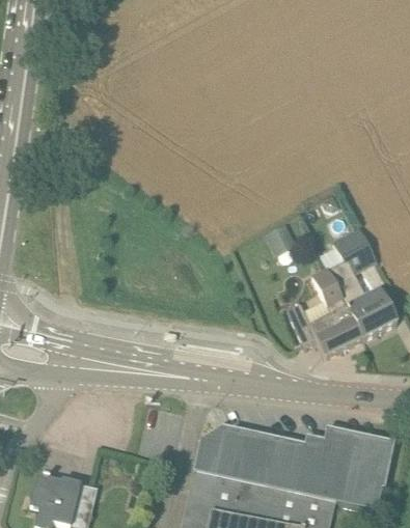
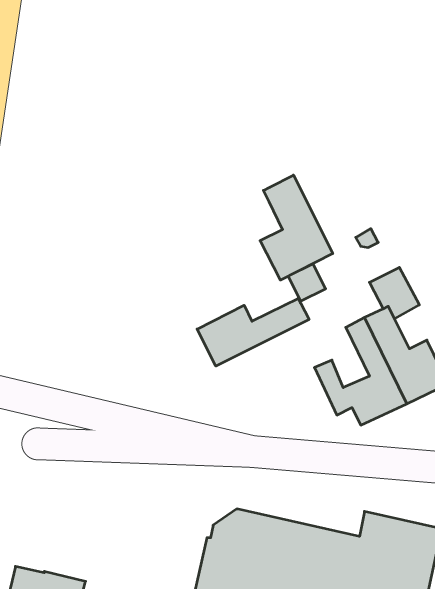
building: none -> [260,175,333,280]
building: none -> [197,298,309,366]

